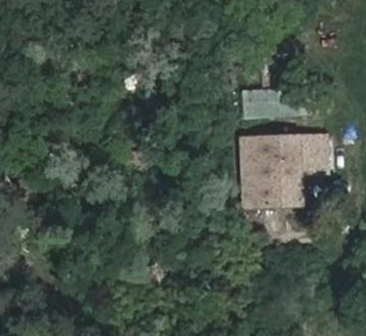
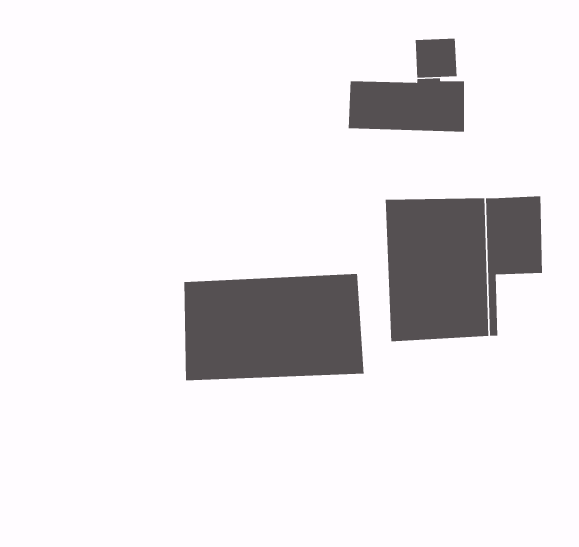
building: none -> [184,273,364,381]

